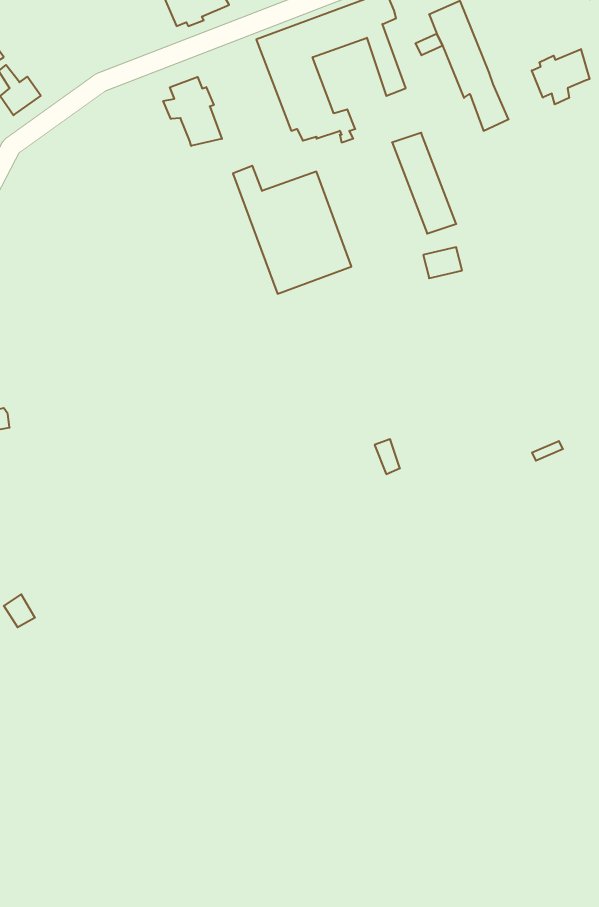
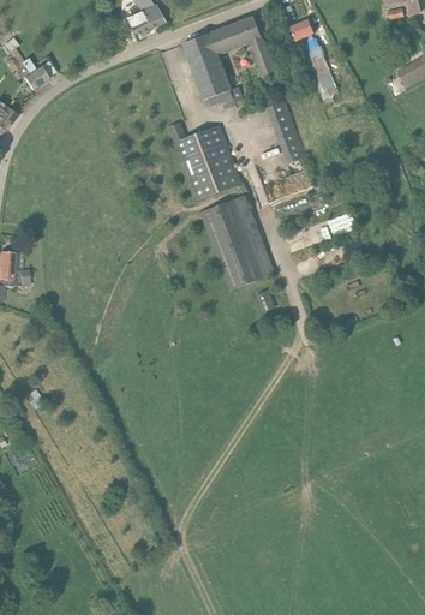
building: [532,49,590,104] -> none
building: [163,77,222,146] -> none
building: none -> [200,198,275,289]

